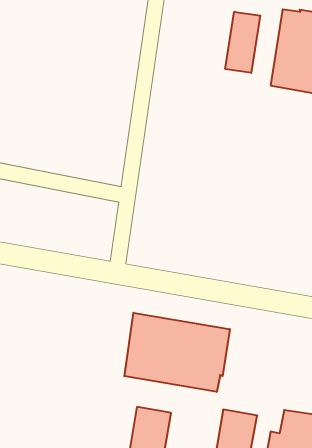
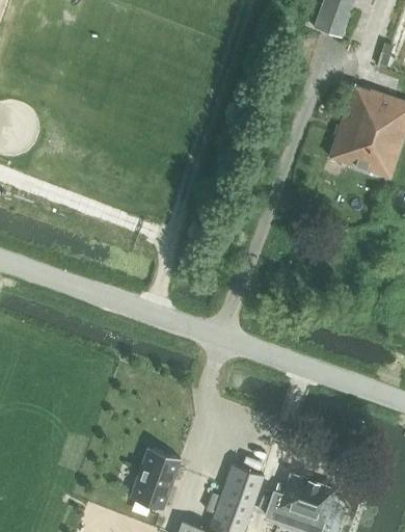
building: [225,12,260,73] -> none
building: [124,313,230,392] -> none

